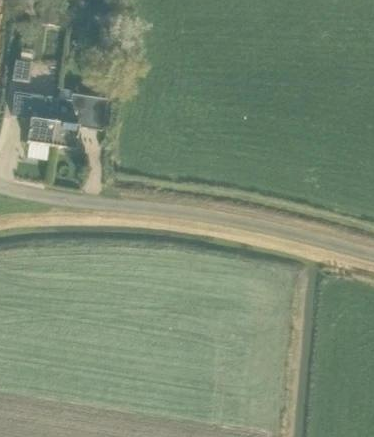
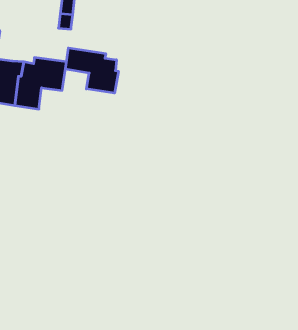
building: none -> [66,48,118,93]

